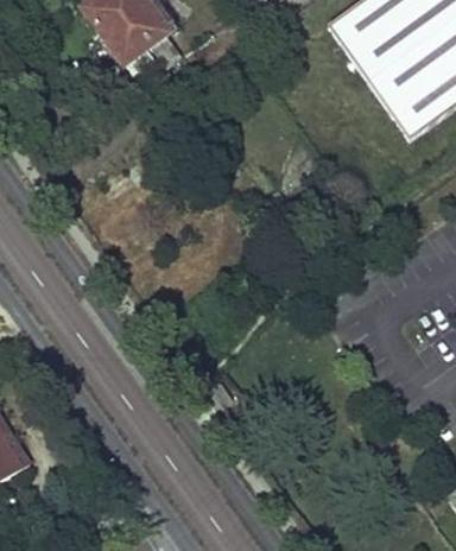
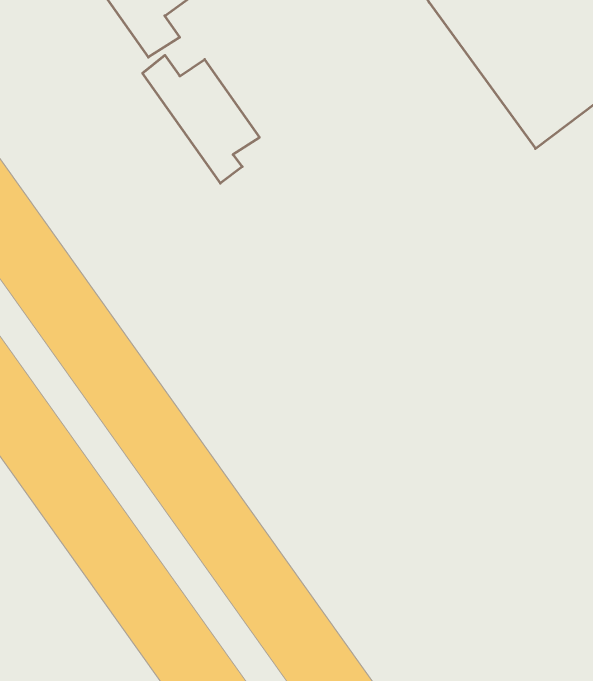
building: none -> [143,55,259,183]

